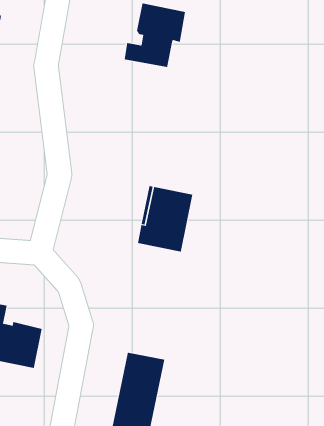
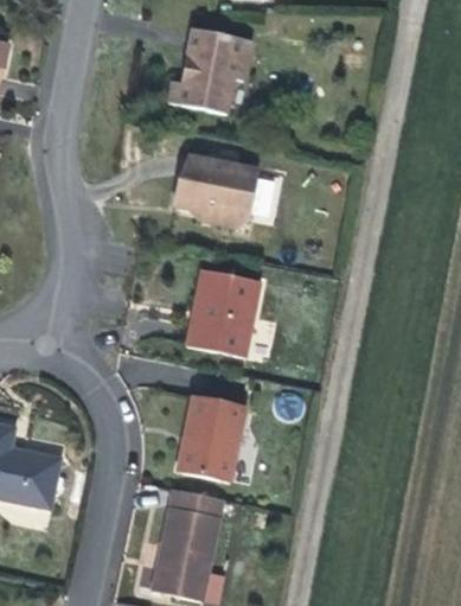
building: none -> [173,154,258,225]
building: none -> [183,394,245,480]

